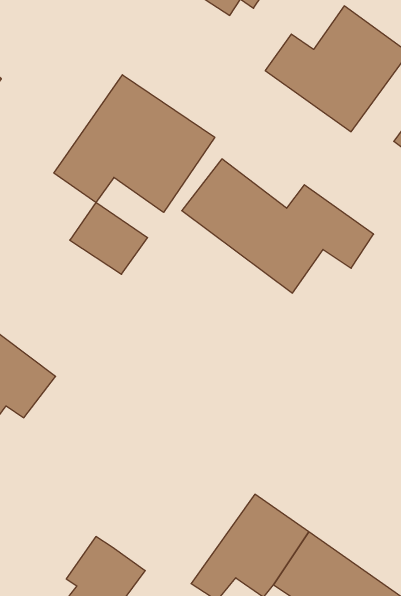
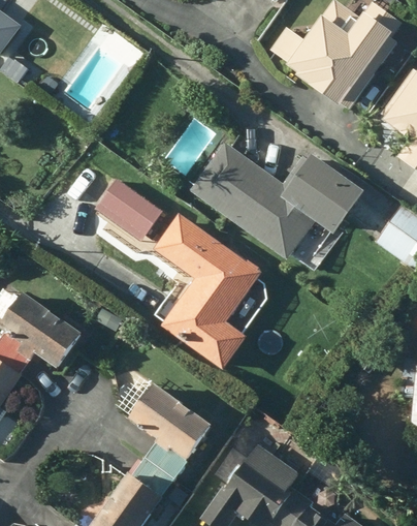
building: [54,75,215,212] -> none
building: none -> [143,200,260,363]
building: none -> [111,386,212,502]

